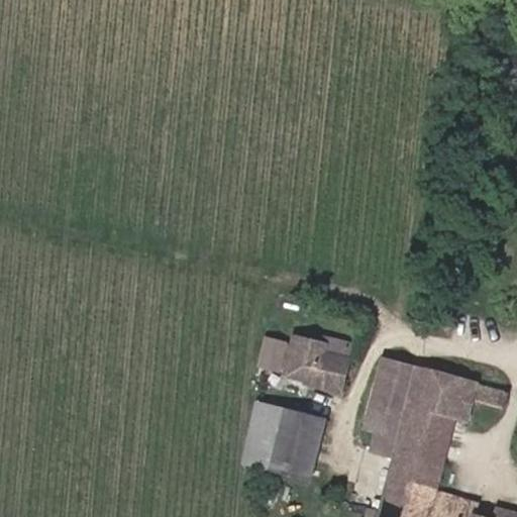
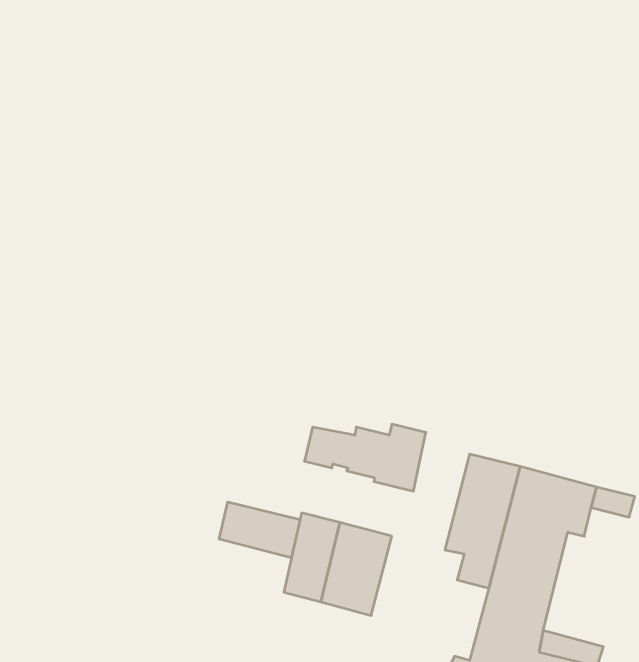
building: none -> [219,502,300,558]

